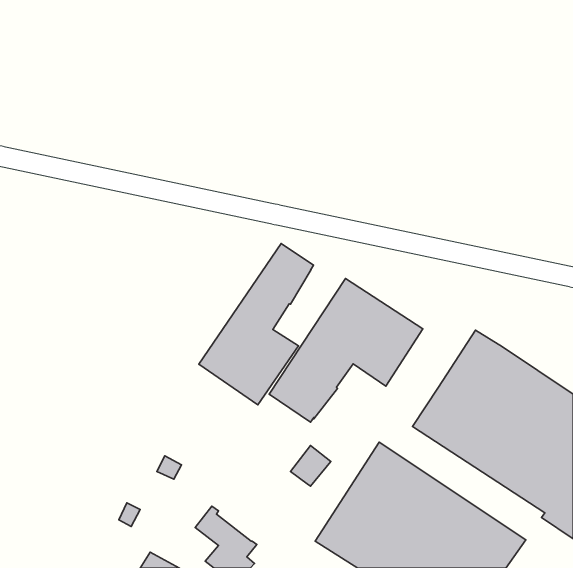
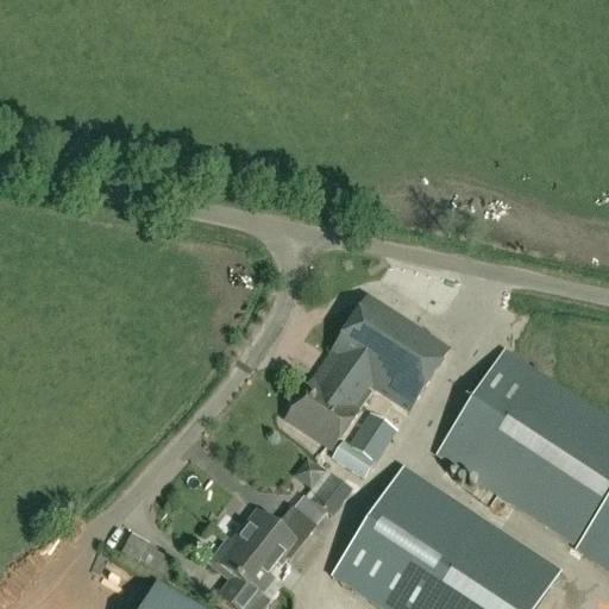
building: [199,244,313,405] -> none
building: none -> [331,409,397,477]
building: none -> [225,506,316,573]

